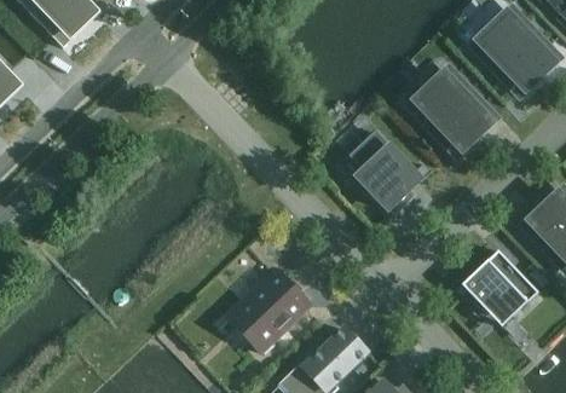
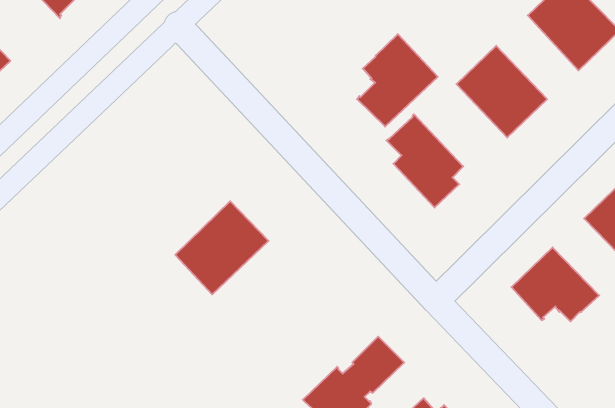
building: none -> [357,34,438,127]
building: [229,268,311,351] -> [175,201,269,294]

